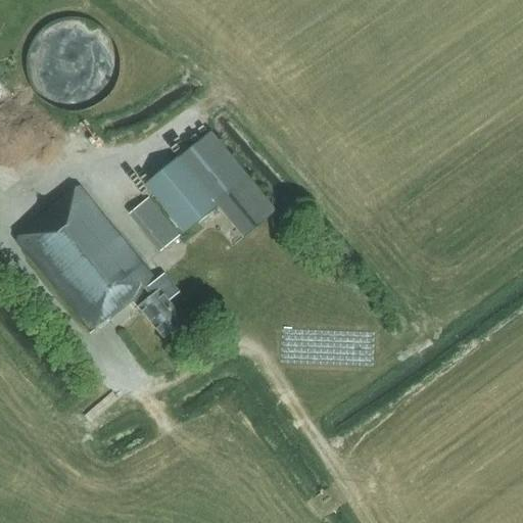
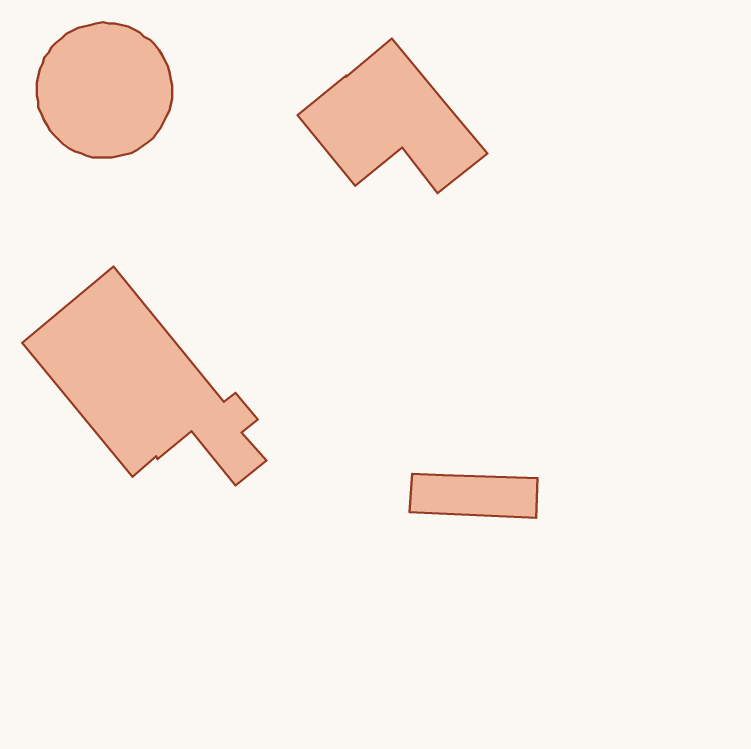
building: [145,130,277,237] -> [298,39,488,193]
building: [130,196,180,251] -> none

